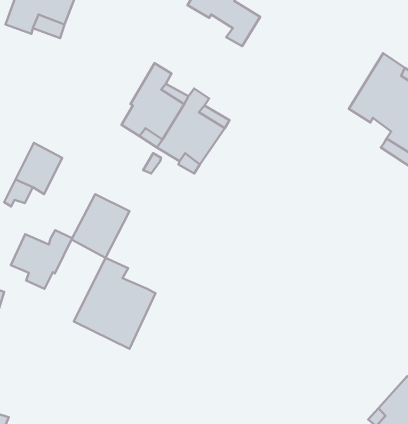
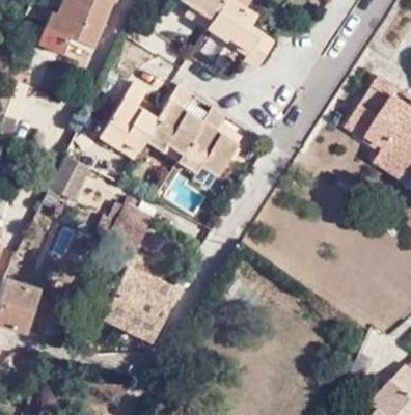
building: none -> [102,86,157,151]
building: [11,230,72,289] -> none

